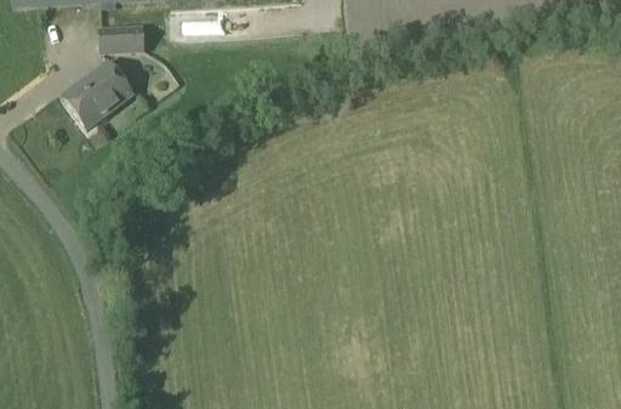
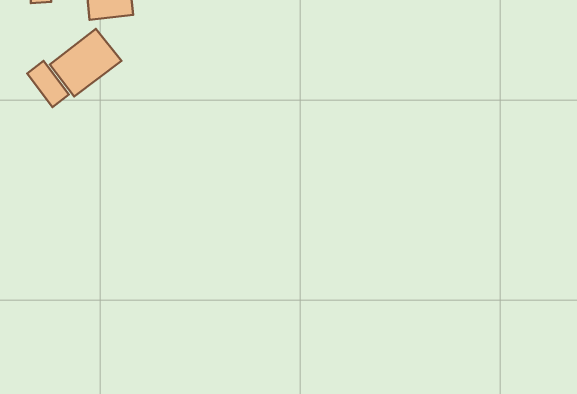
building: none -> [27,61,69,107]

